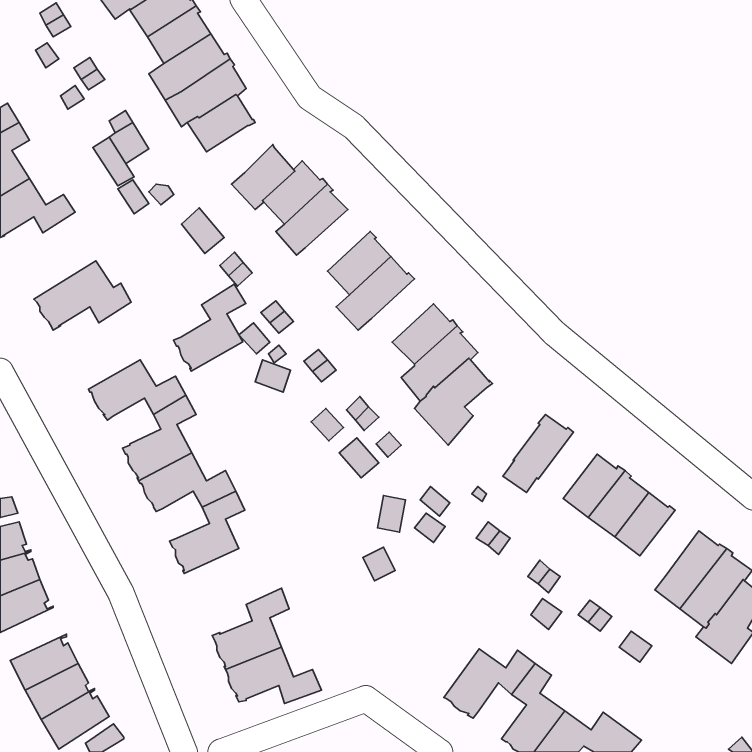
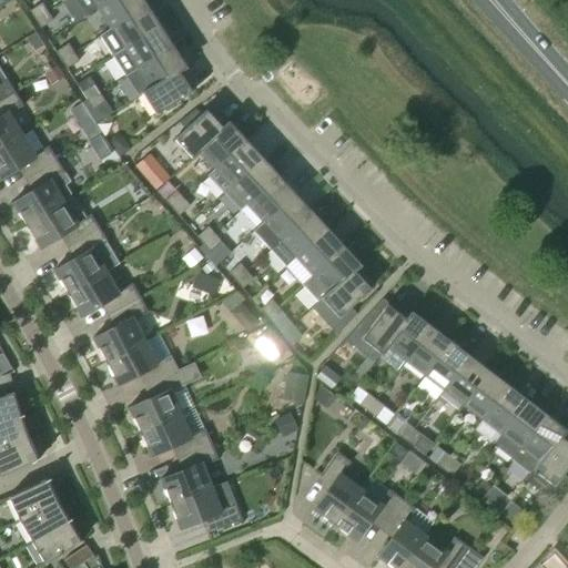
building: none -> [224,158,280,211]
building: none -> [12,160,73,225]
building: none -> [271,210,327,266]
building: [174,284,246,371] -> [54,227,109,293]
building: none -> [345,303,407,362]
building: none -> [406,325,450,375]
building: none -> [483,384,527,434]
building: none -> [140,413,213,456]
building: none -> [314,452,362,525]

